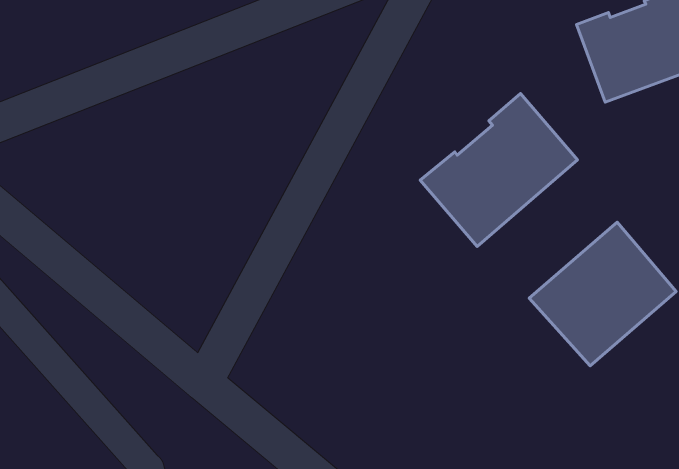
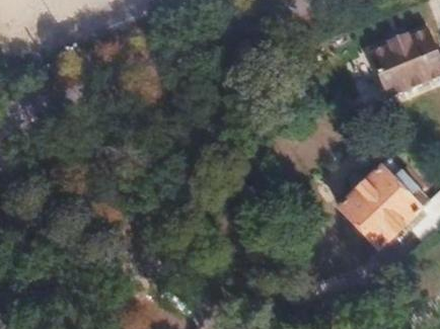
building: [420,93,577,247] -> none

